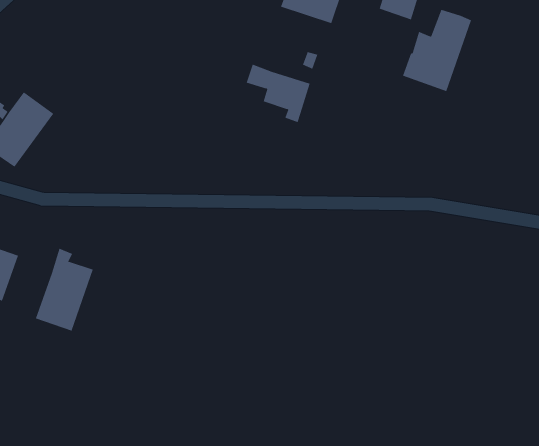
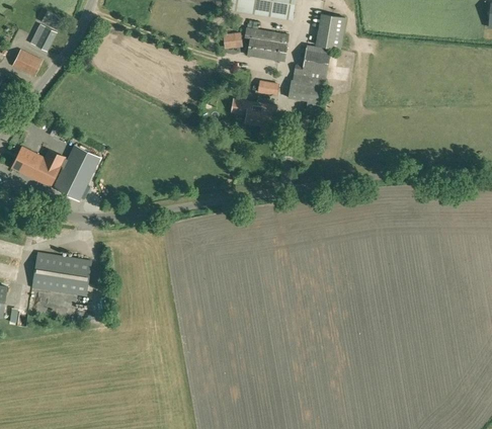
building: [402,9,472,92] -> [288,46,330,103]
building: [35,248,93,332] -> none

